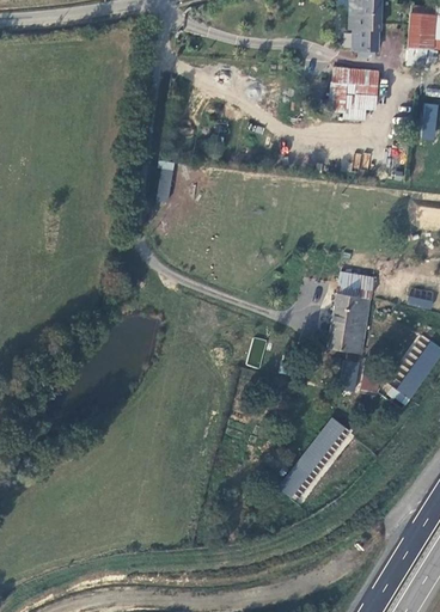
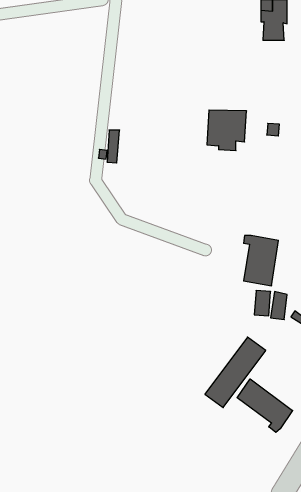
building: [329,69,378,120] -> [207,110,247,151]
building: [336,273,373,298] -> none
building: none -> [237,379,293,432]

